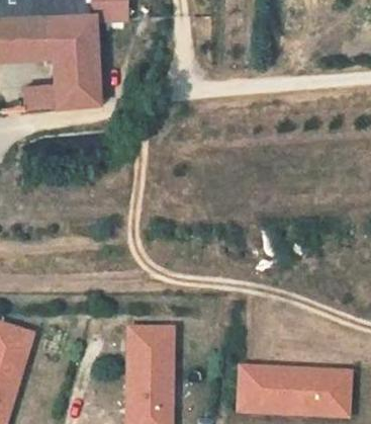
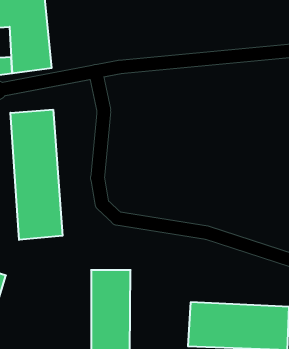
building: none -> [10,110,63,240]

